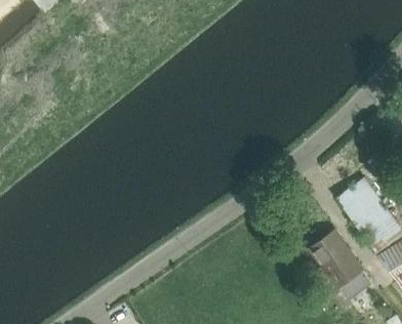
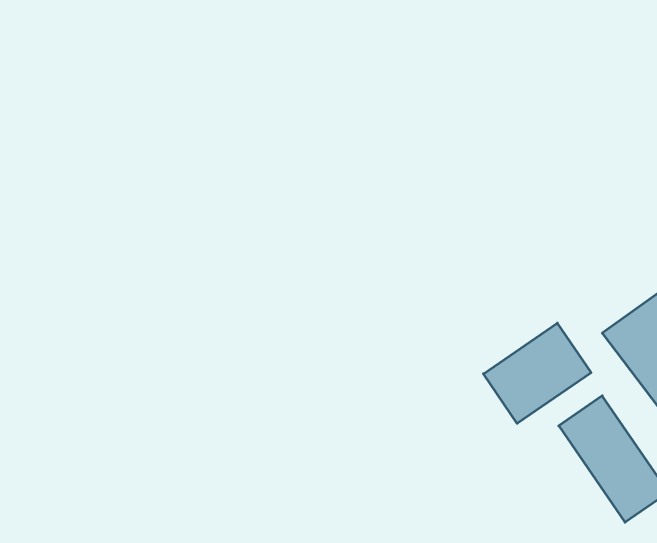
building: none -> [483,323,591,423]

